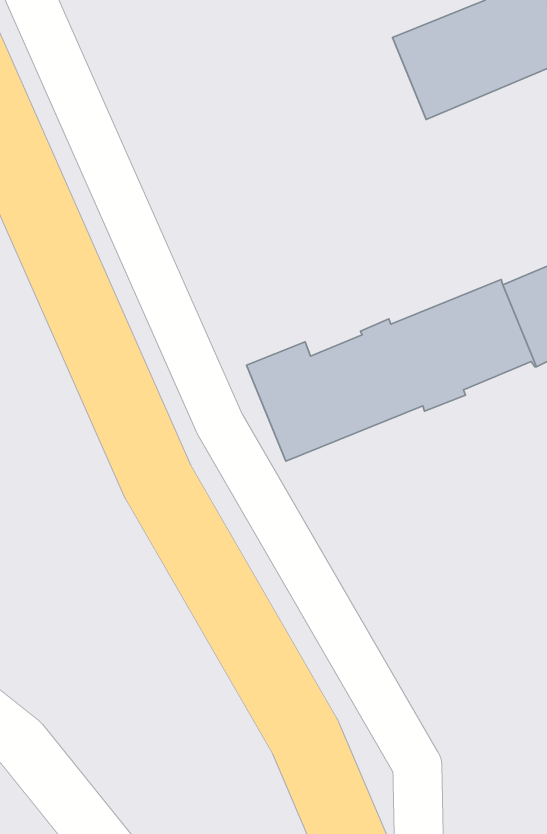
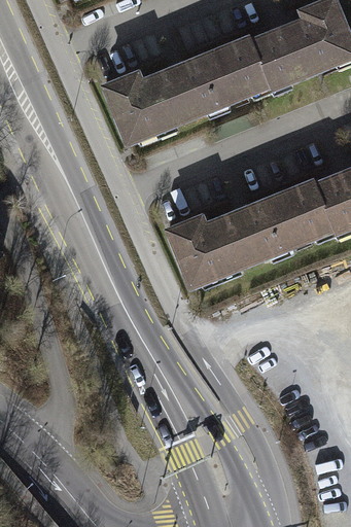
building: none -> [105,36,272,142]

